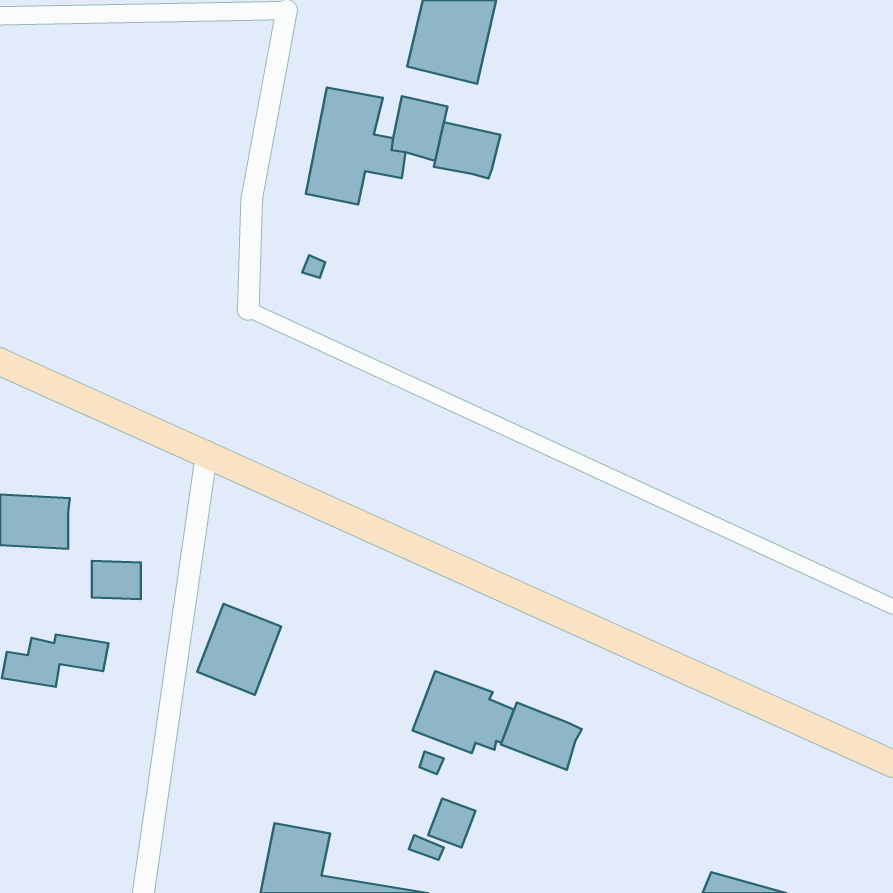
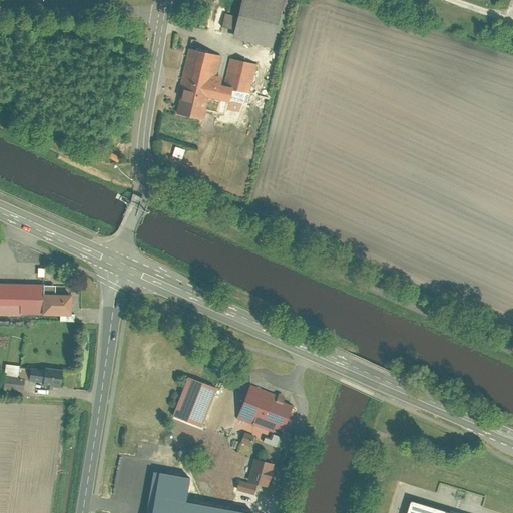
building: [434,122,501,179] -> none
building: [92,561,141,599] -> [39,294,67,316]
building: [197,604,281,695] -> [168,376,216,428]
building: [501,702,582,770] -> none

